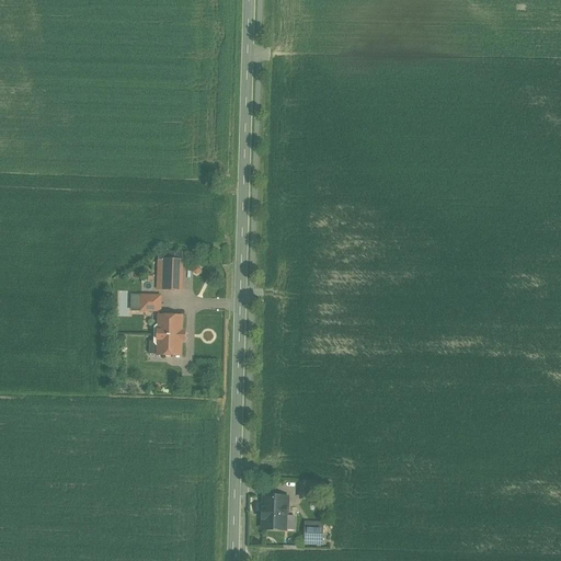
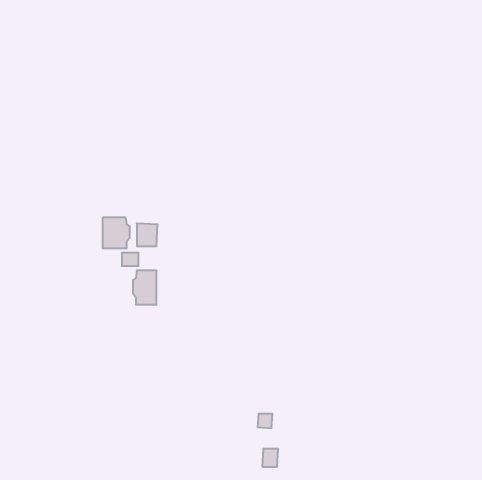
building: none -> [103,217,130,249]
building: [264,495,287,528] -> none

